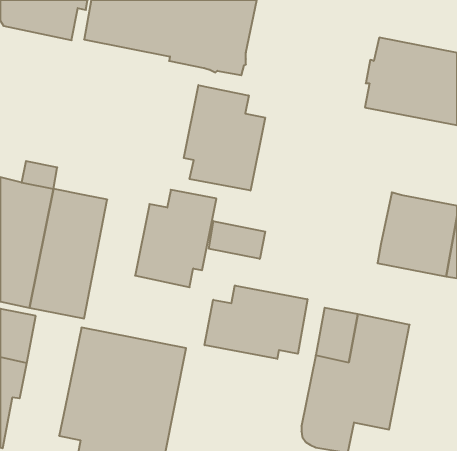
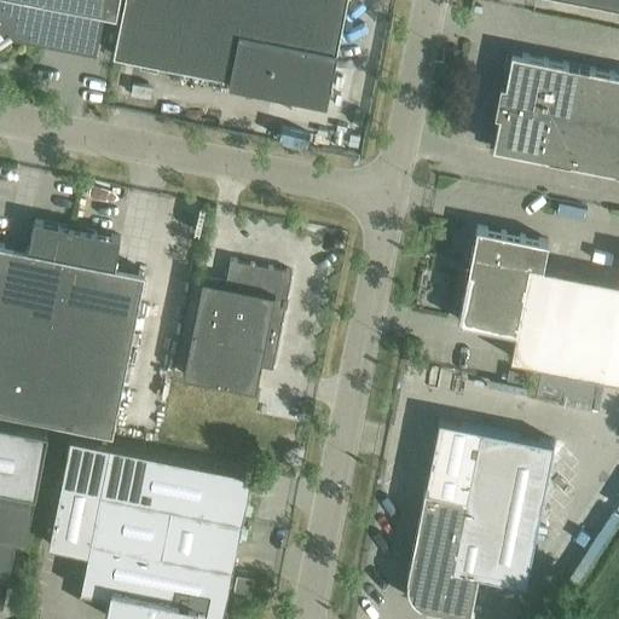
building: [184,85,265,191] -> none
building: none -> [458,232,548,339]
building: none -> [73,235,121,272]
building: [209,221,265,259] -> none
building: [205,285,307,359] -> none
building: none -> [48,442,110,559]

